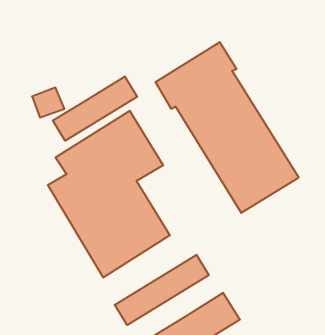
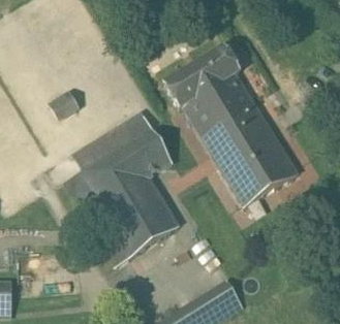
building: [53,76,137,141] -> none
building: [115,255,209,325] -> none

